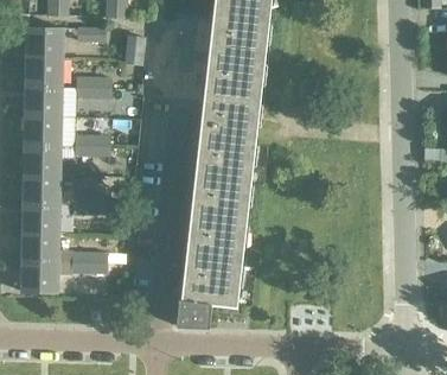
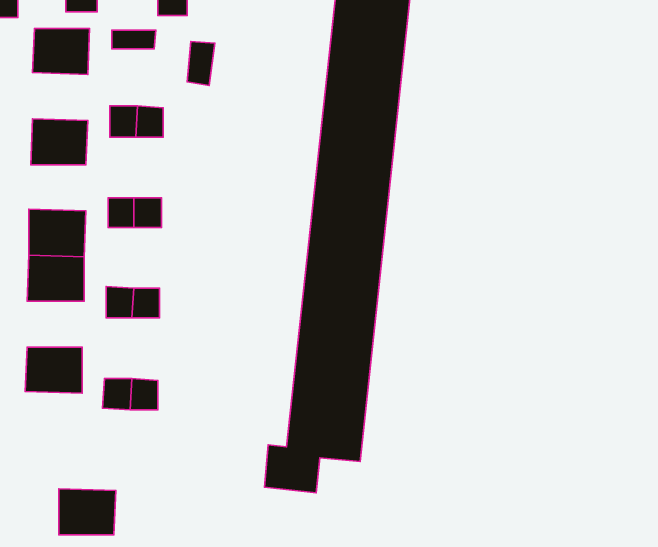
building: [26,56,62,87] -> none
building: [24,115,60,145] -> none
building: [23,203,59,233] -> none
building: [21,261,58,291] -> [59,489,116,535]

